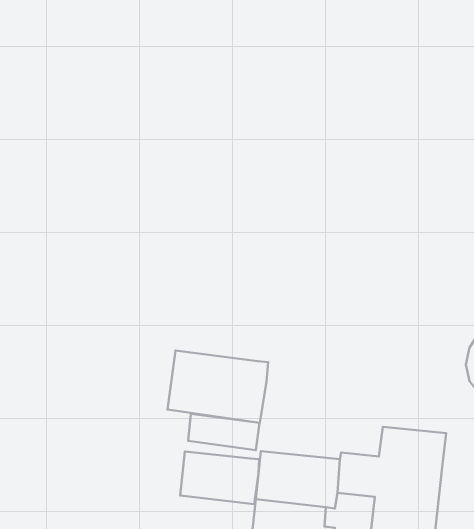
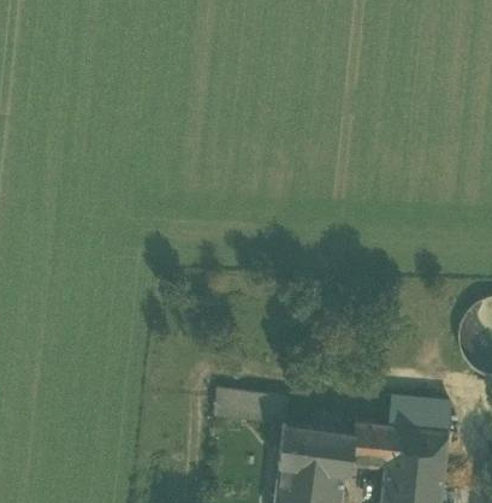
building: [168,351,268,423] -> none
building: [180,451,259,504] -> none

